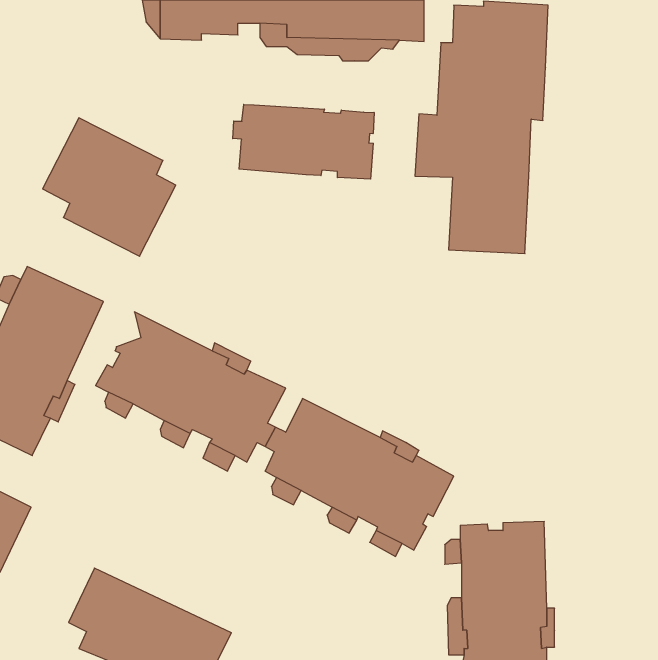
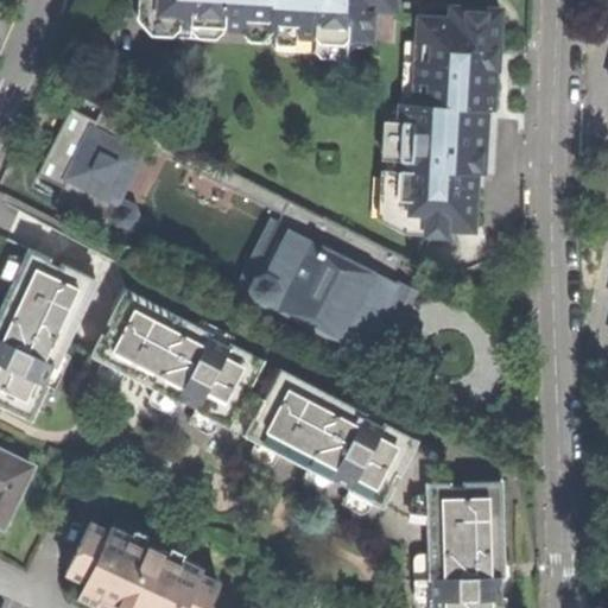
building: [233,104,374,179] -> none
building: none -> [239,217,405,354]

